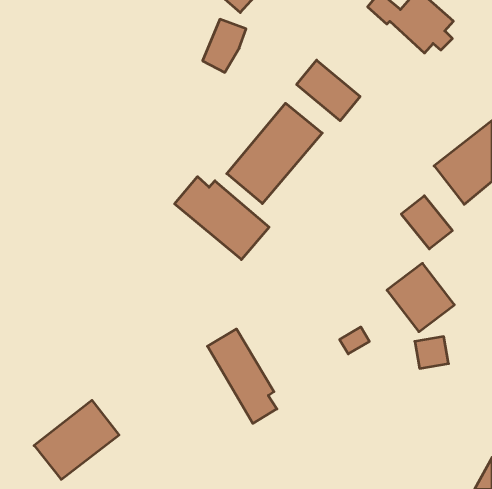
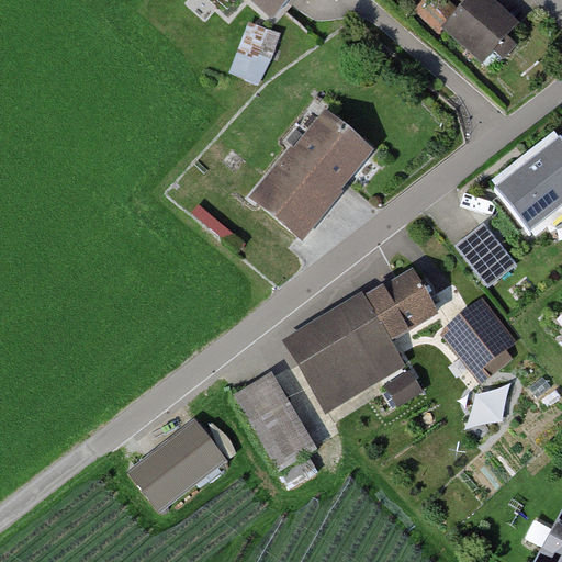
building: [297,60,360,121] -> none
building: [175,177,269,260] -> none
building: none -> [291,273,432,401]
building: [34,400,119,479] -> [128,419,225,509]

